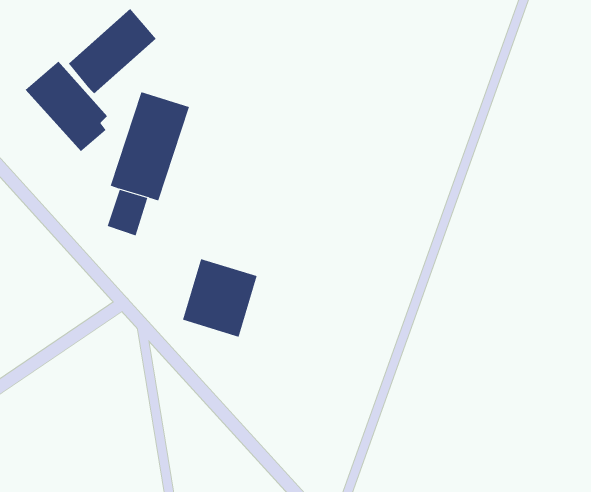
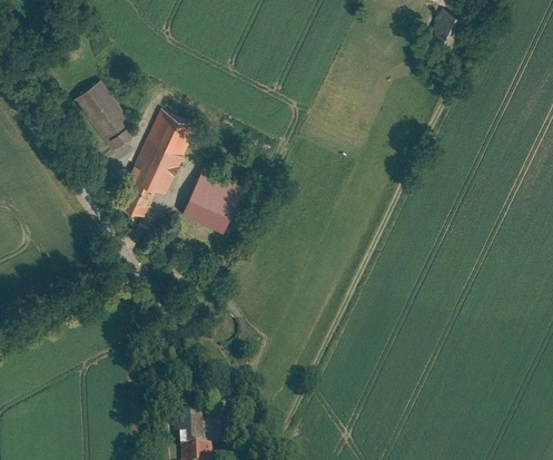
building: [68,8,156,94] -> none
building: [182,258,257,337] -> [182,169,243,232]

